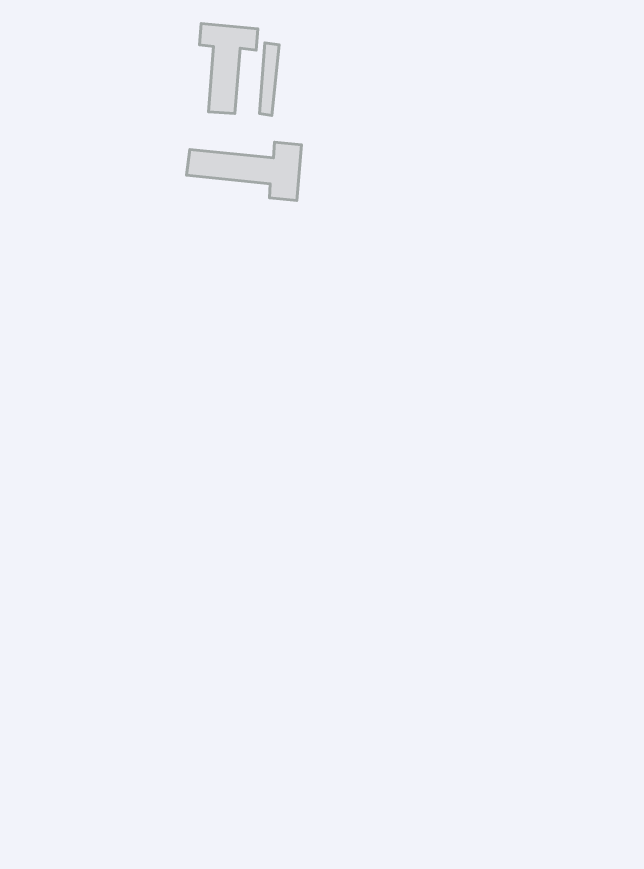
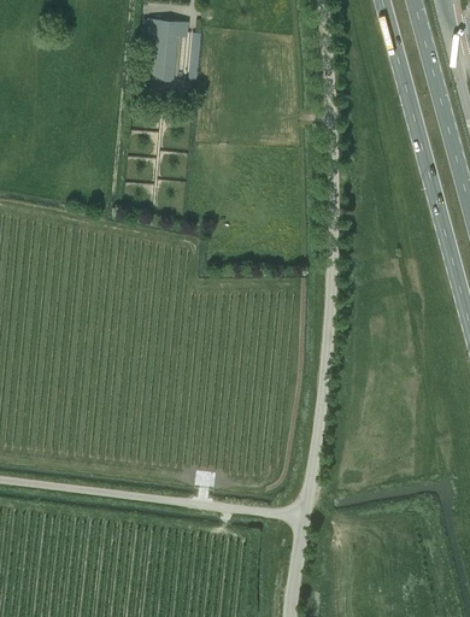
building: [187,142,302,200] -> none

